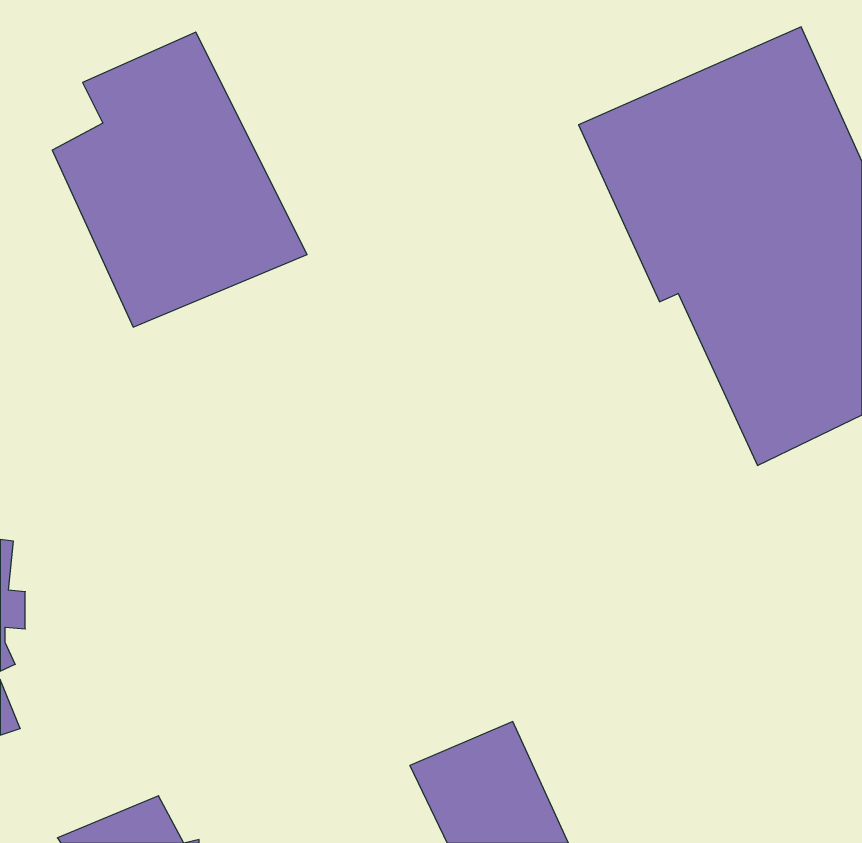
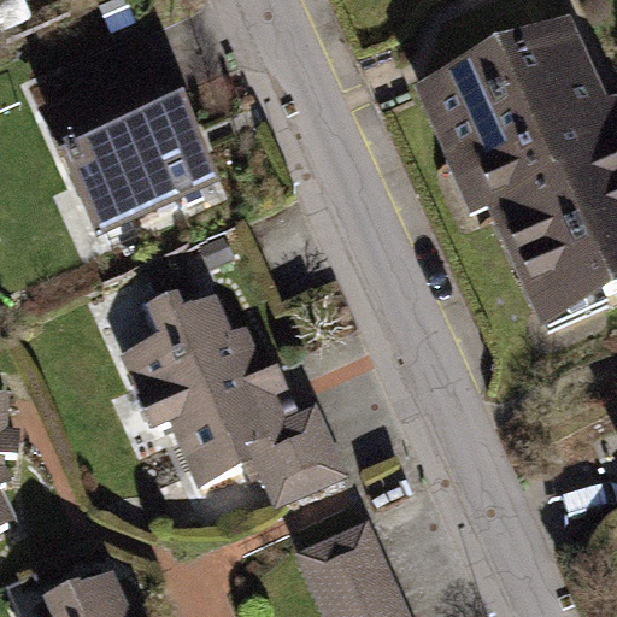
building: none -> [121,293,348,506]

